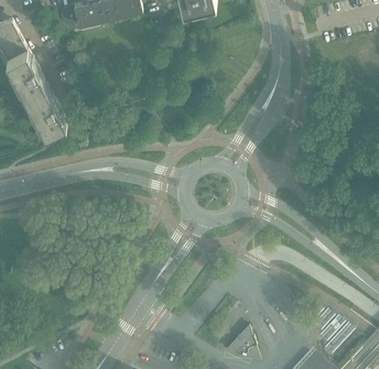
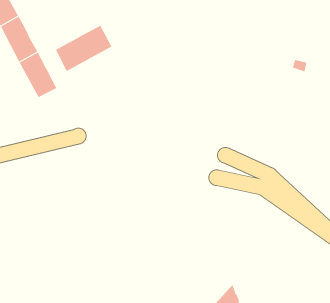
building: none -> [55,25,112,72]

